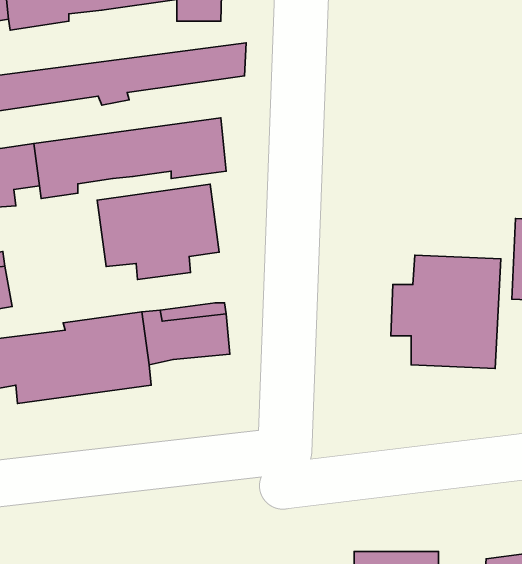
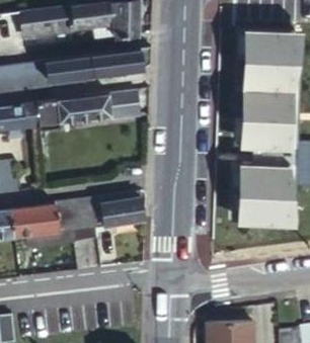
building: none -> [235,30,298,150]
building: [97,184,219,279] -> none

